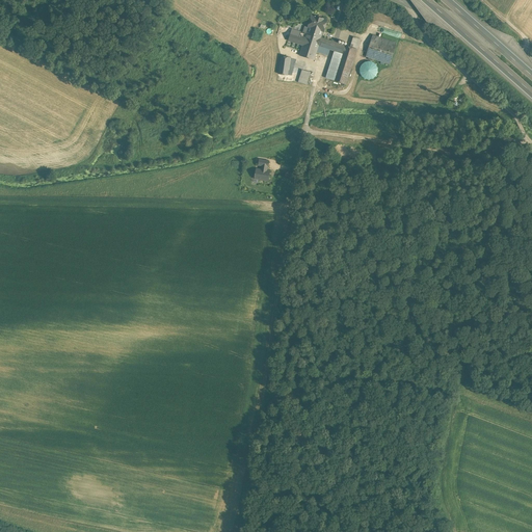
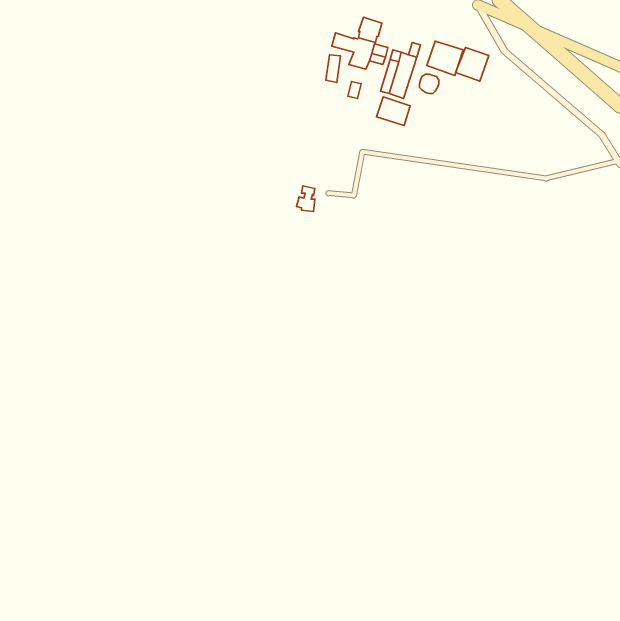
building: none -> [456,48,489,81]
building: none -> [377,97,410,125]

